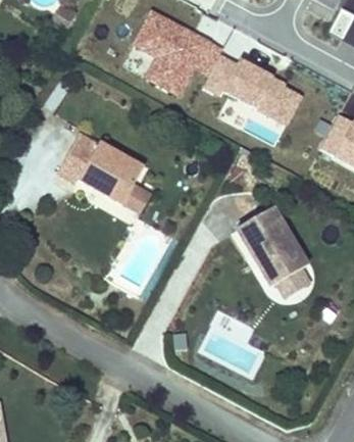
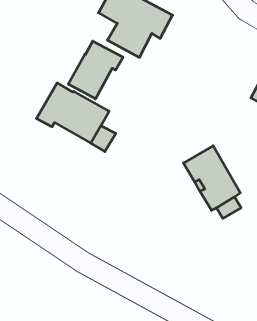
building: [220,59,302,121] -> none
building: none -> [68,41,123,99]

